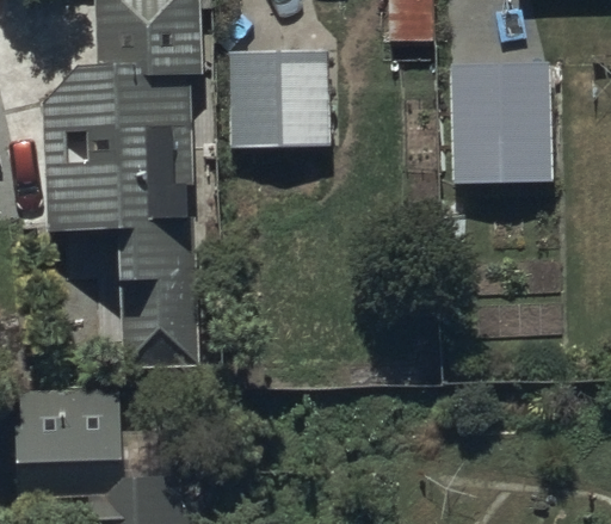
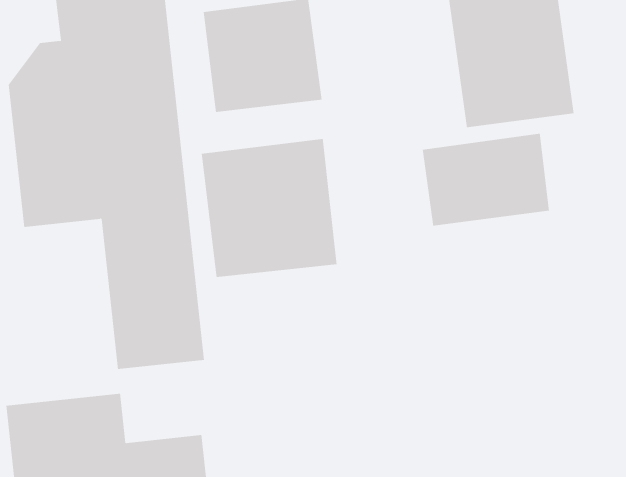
building: none -> [201,138,337,278]
building: none -> [422,133,549,226]

